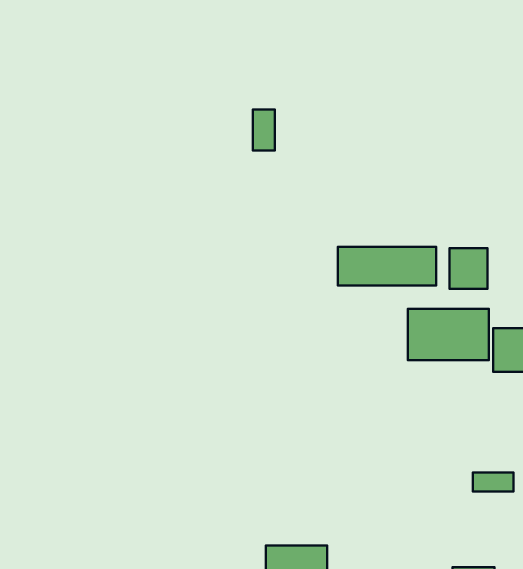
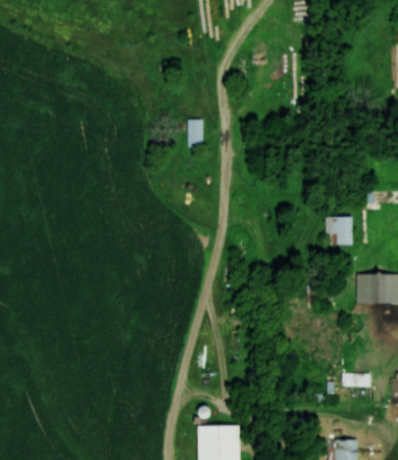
building: [338,247,436,285] -> none
building: [408,309,489,360] -> none

